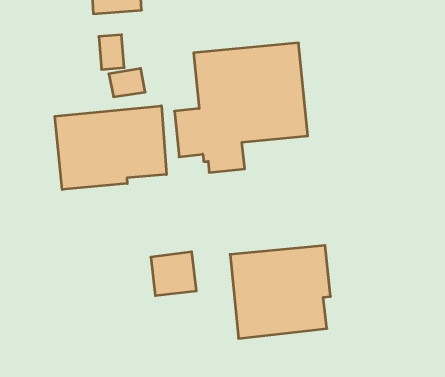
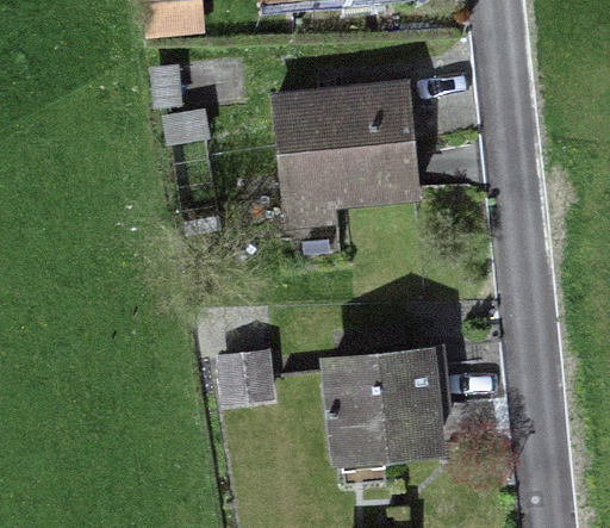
building: [55,106,166,190] -> none

